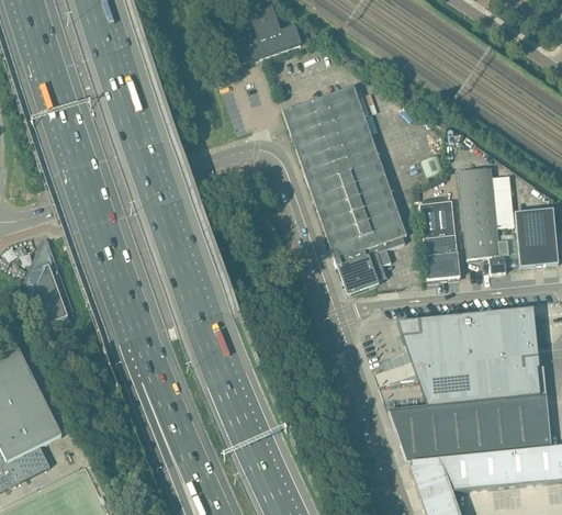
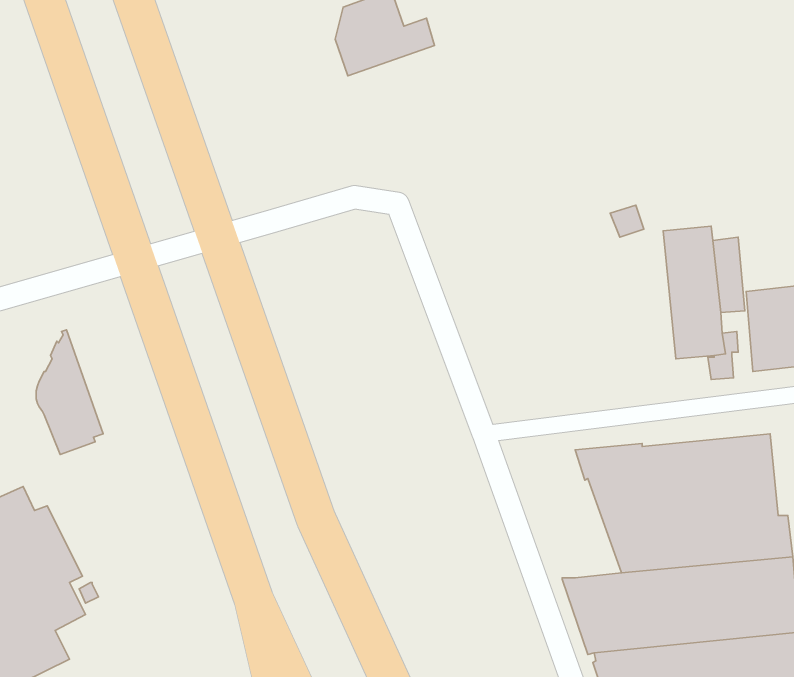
building: [283,85,406,294] -> none
building: [419,199,460,279] -> none

